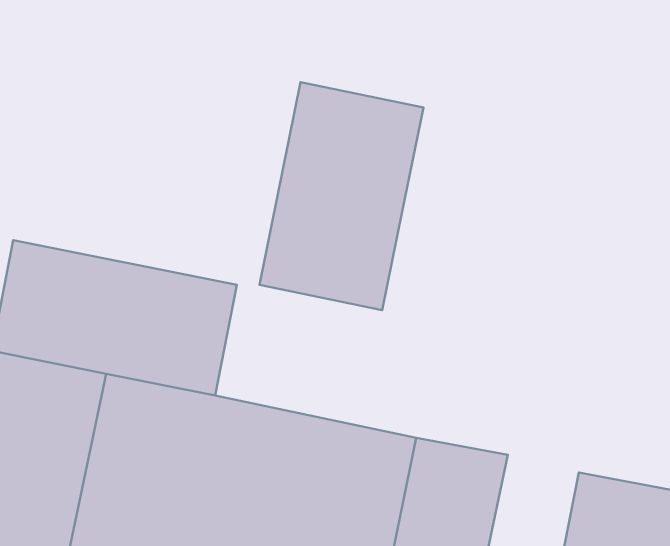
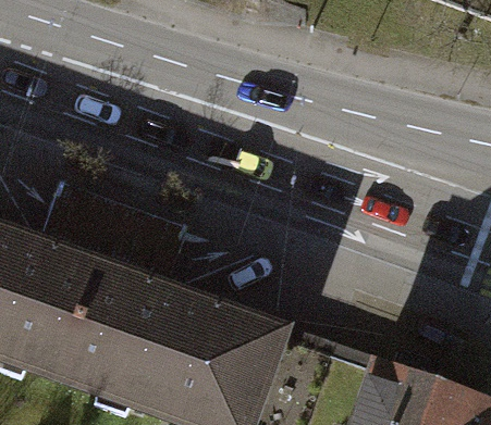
building: [259,82,423,310] -> none

